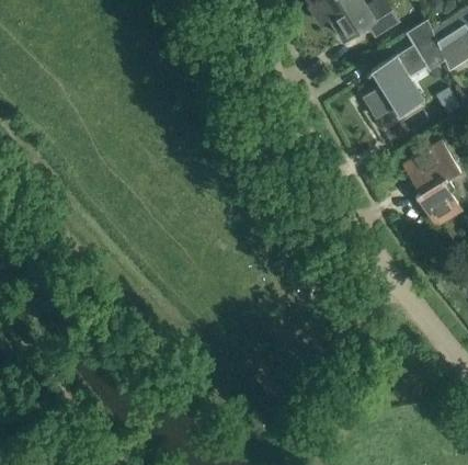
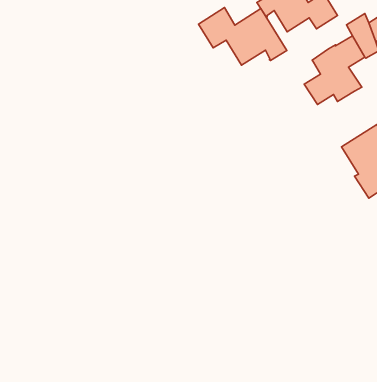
building: none -> [198,7,287,65]

